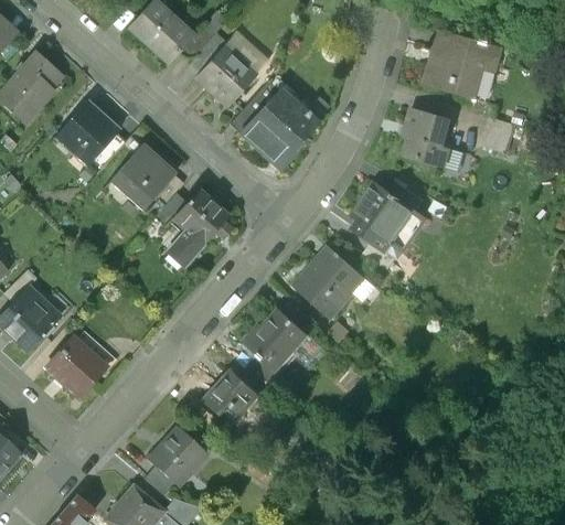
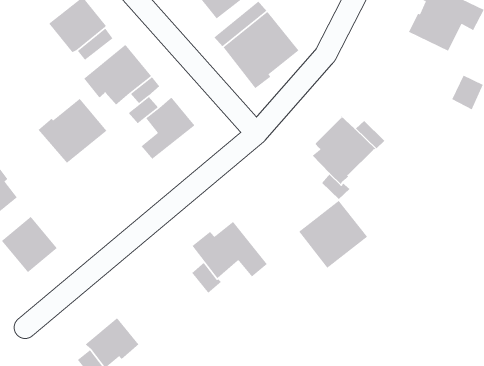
building: [404,108,450,168] -> none
building: none -> [38,98,107,164]
building: [294,245,366,318] -> [298,200,368,269]
building: [204,371,258,425] -> none

